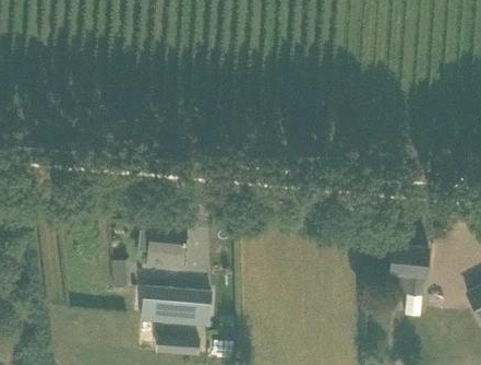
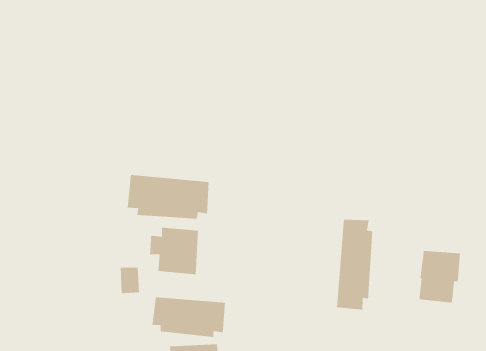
building: none -> [127,174,210,219]
building: none -> [336,219,373,310]

